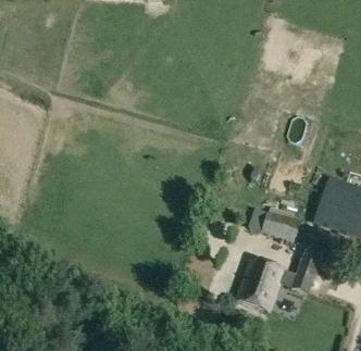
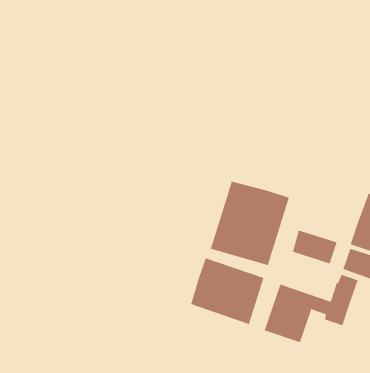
building: none -> [210,181,290,266]
building: none -> [191,257,264,325]

